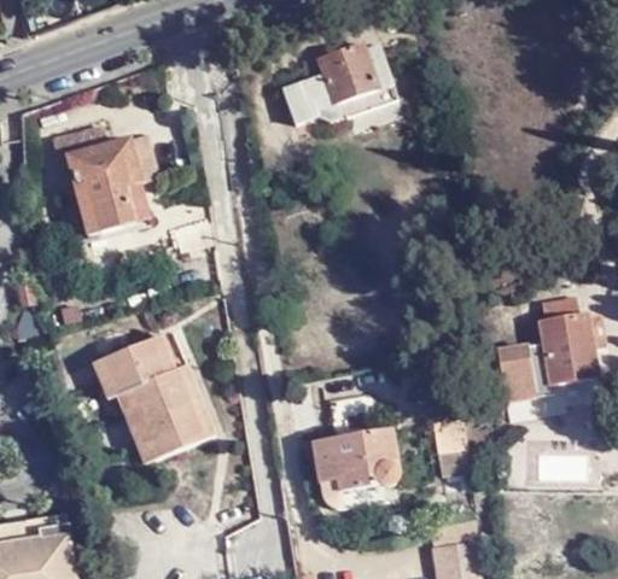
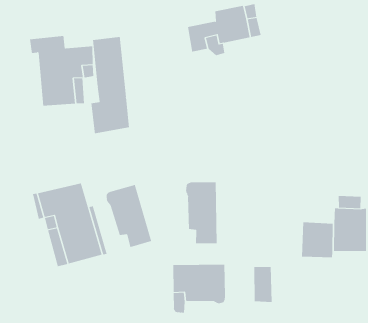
building: none -> [91,36,129,134]
building: none -> [186,182,217,244]
building: none -> [106,184,152,248]

